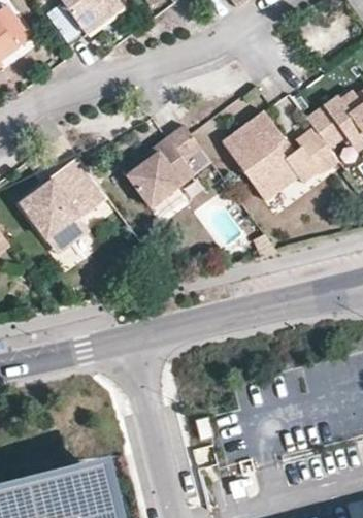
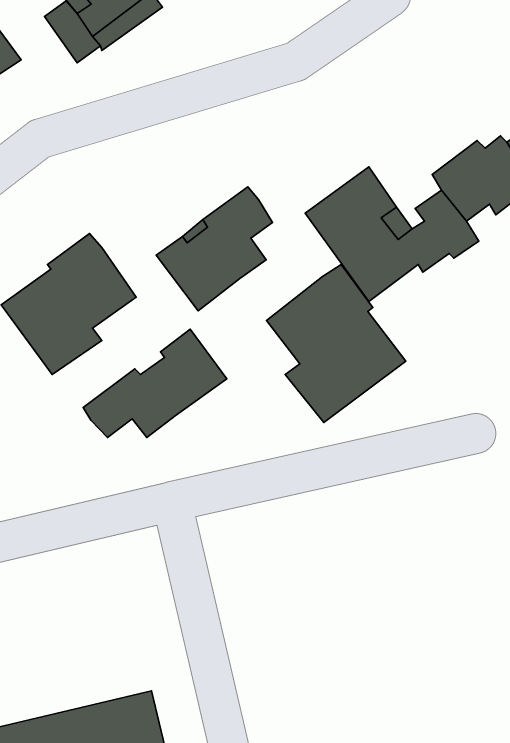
building: none -> [267,265,406,423]
building: none -> [83,329,227,438]

